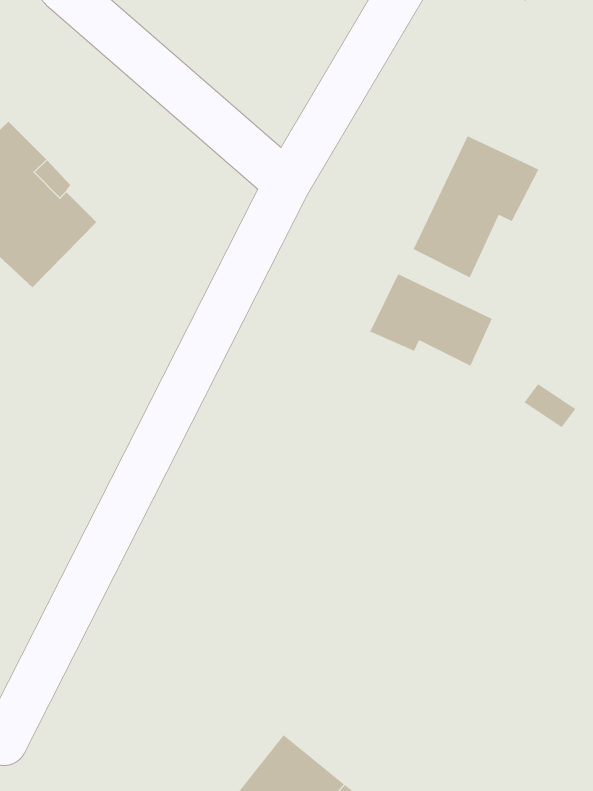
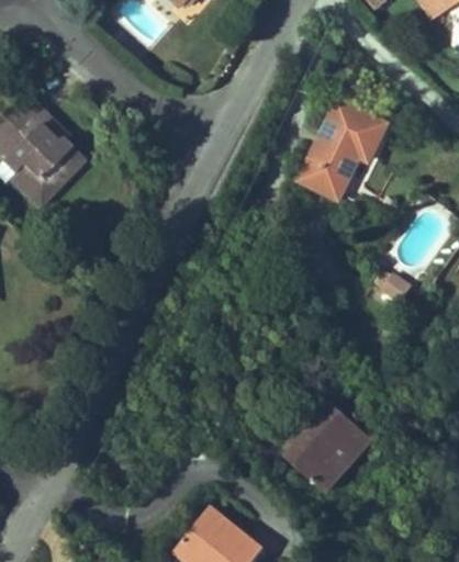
building: [369,273,493,367] -> none
building: none -> [286,403,372,492]

